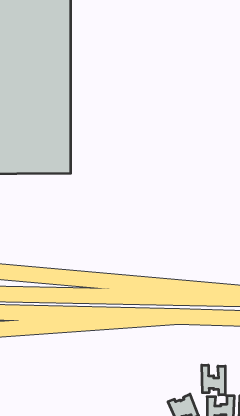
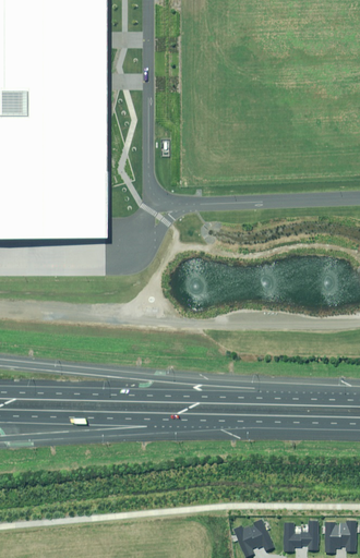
building: [202,365,225,395] -> none

